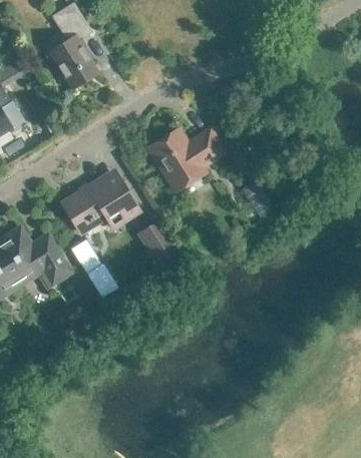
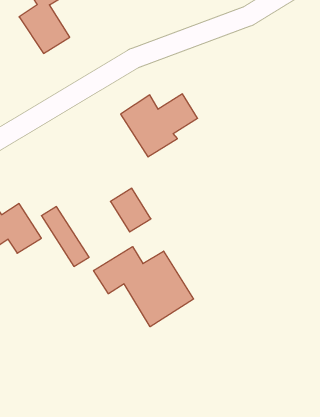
building: [65,178,140,232] -> none
building: none -> [94,247,194,327]

